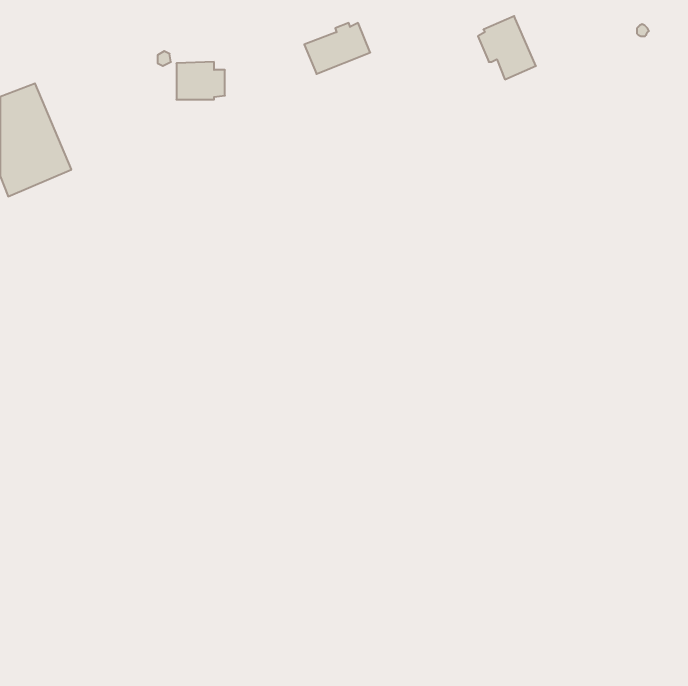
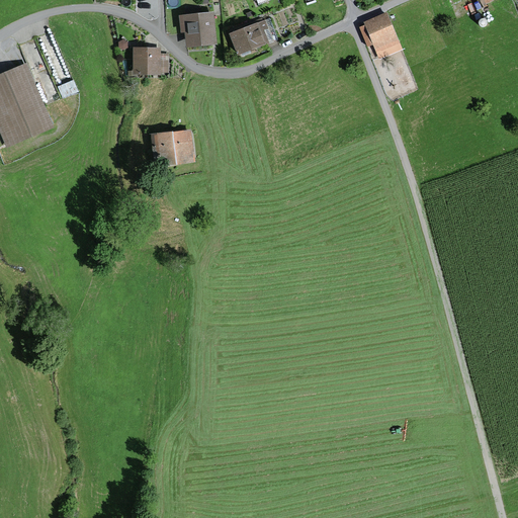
building: none -> [178,6,218,48]
building: none -> [151,130,195,167]

